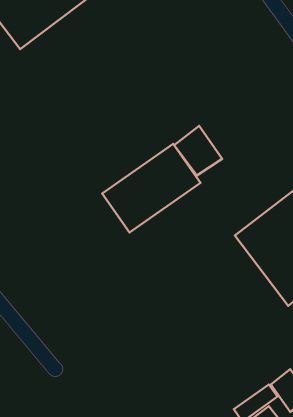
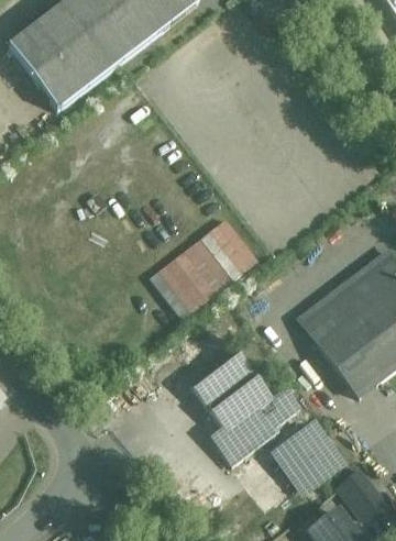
building: [174,126,222,175] -> none
building: none -> [190,352,299,466]
building: none -> [273,423,345,496]

